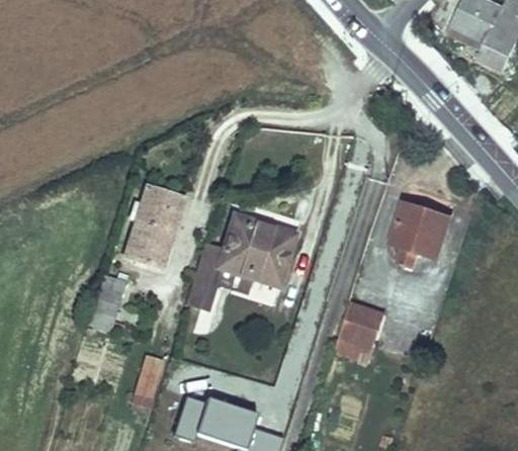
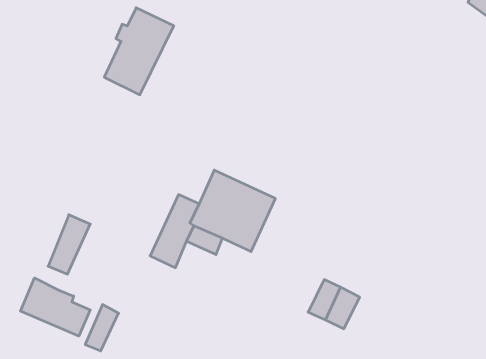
building: [124,186,183,267] -> [104,8,174,95]
building: [391,202,450,265] -> none
building: none -> [20,278,90,336]

